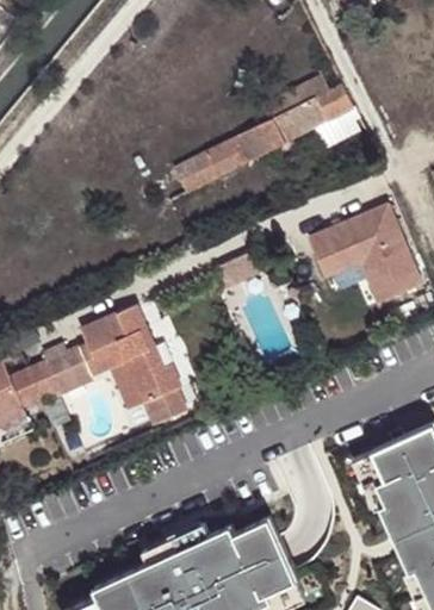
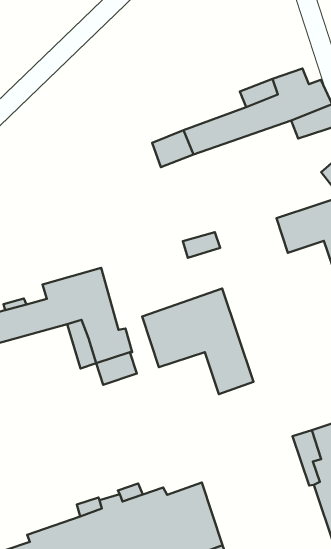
building: none -> [142,289,253,394]

